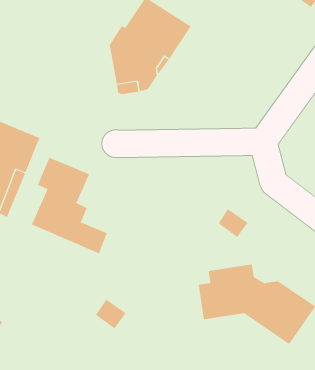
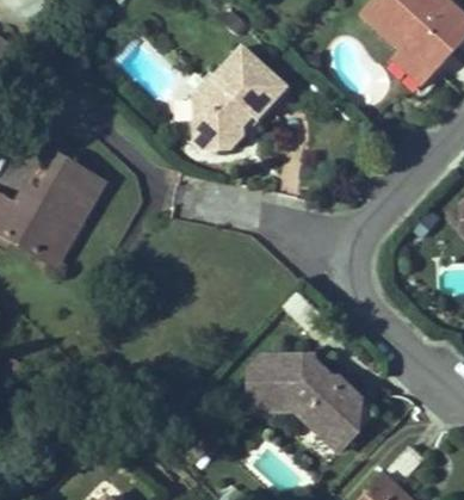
building: [31,157,107,254] -> none

